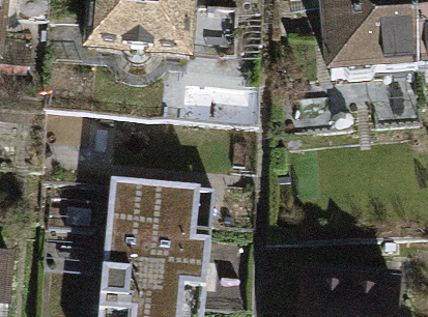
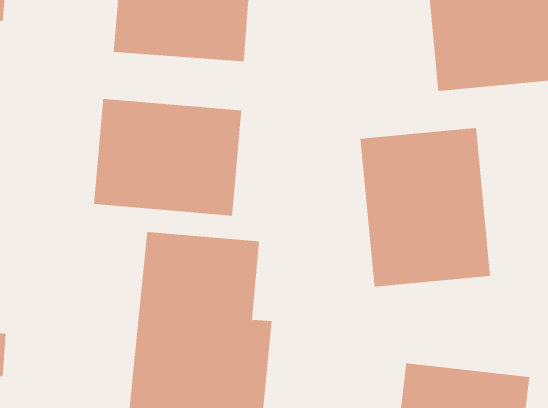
building: none -> [94,98,242,216]
building: none -> [360,127,490,288]

